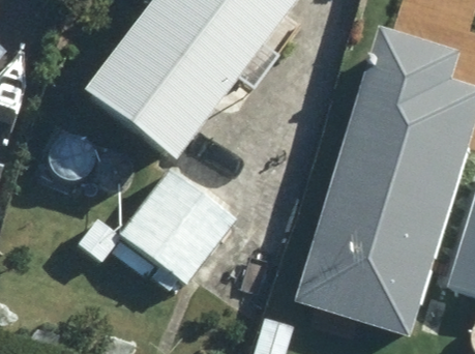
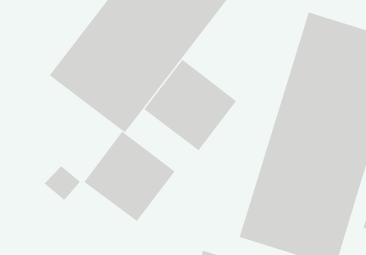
building: none -> [143,59,237,151]

